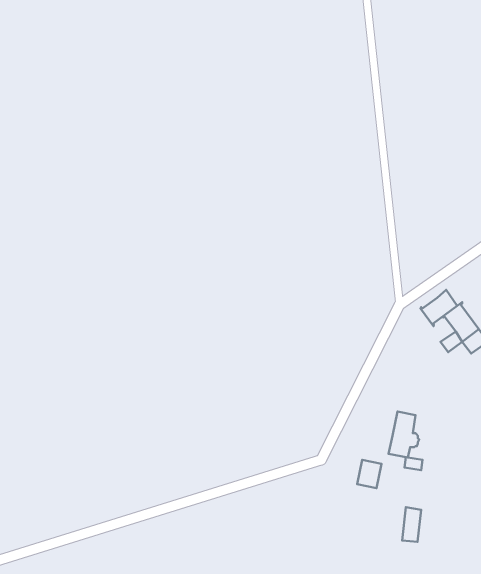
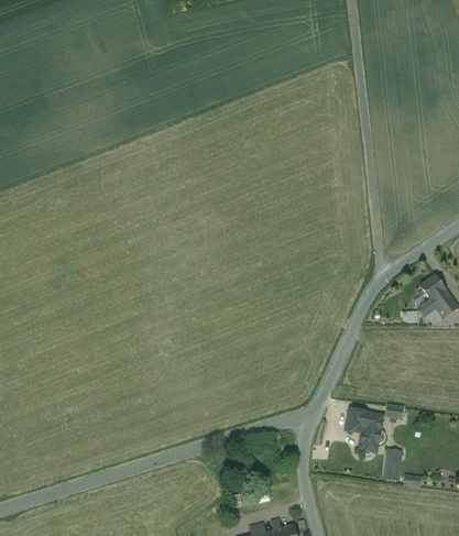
building: [421,290,457,326] -> none
building: [389,411,419,458] -> [359,412,385,451]

